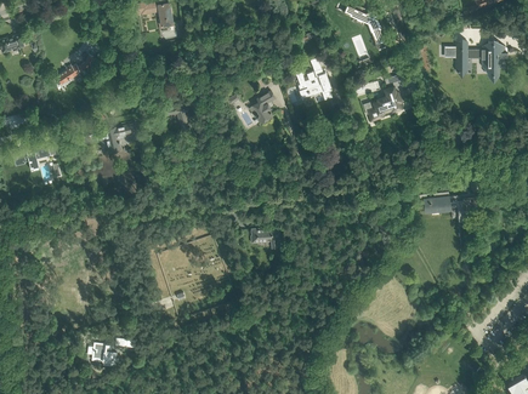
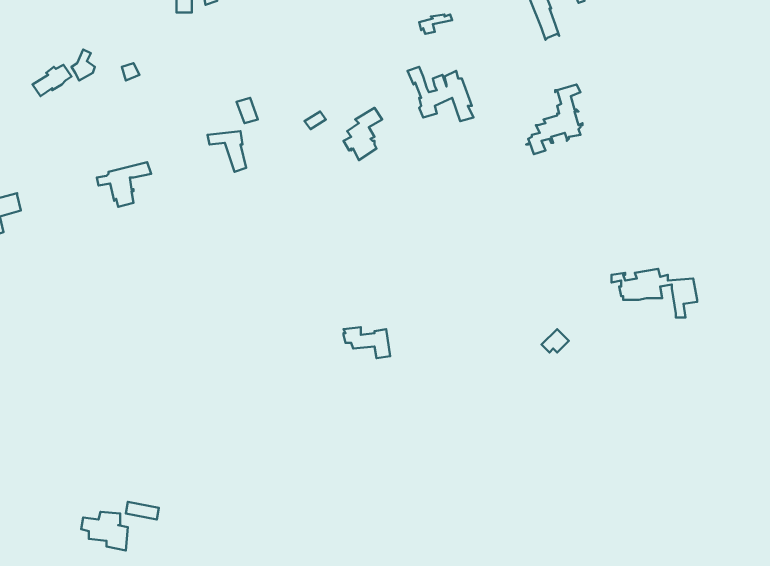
building: [447,44,507,78] -> none

